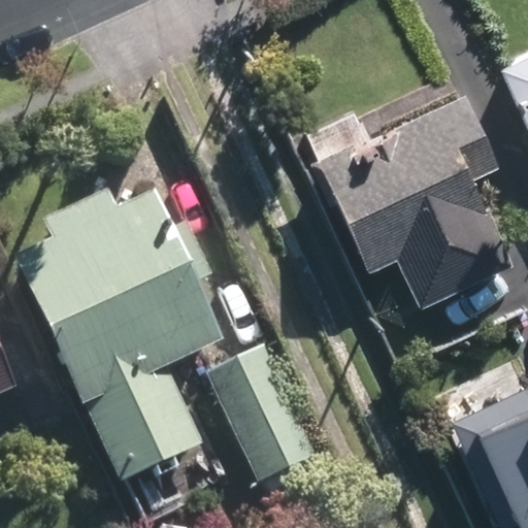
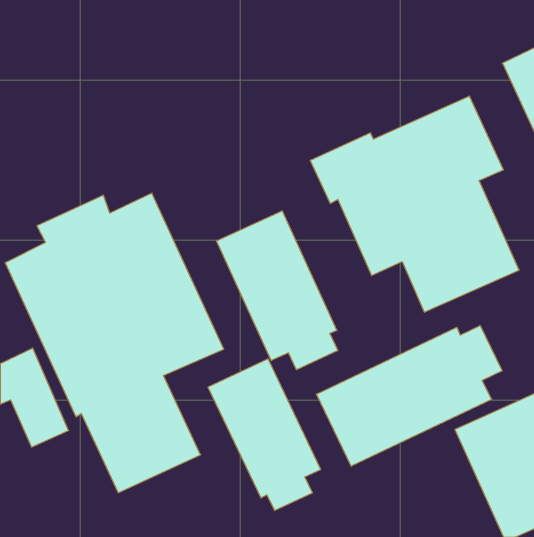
building: none -> [217,211,338,370]
building: none -> [316,325,502,466]

